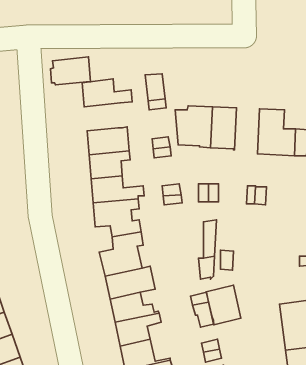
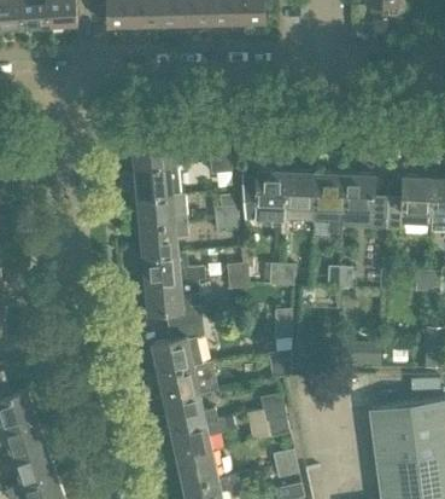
building: [51,57,91,85] -> [131,166,180,199]
building: none -> [315,172,345,238]
building: [206,285,241,325] -> none

